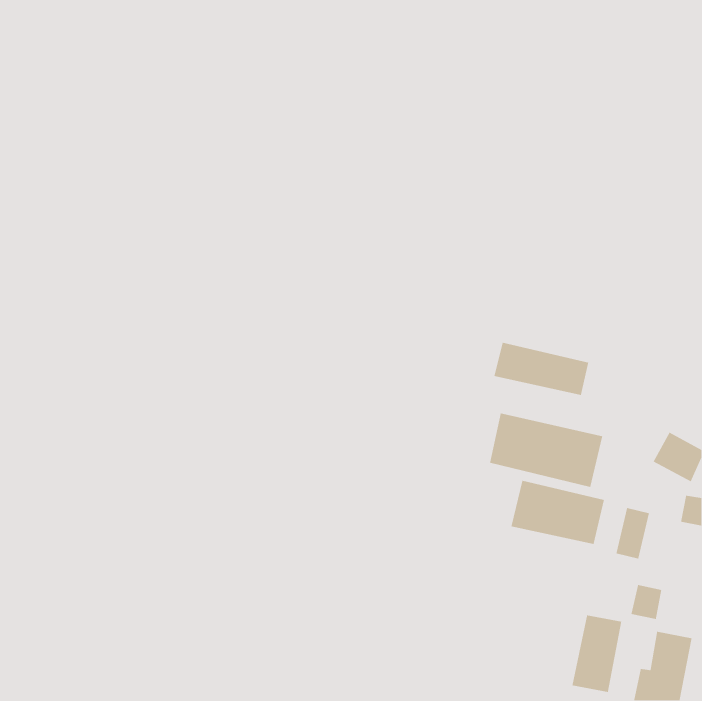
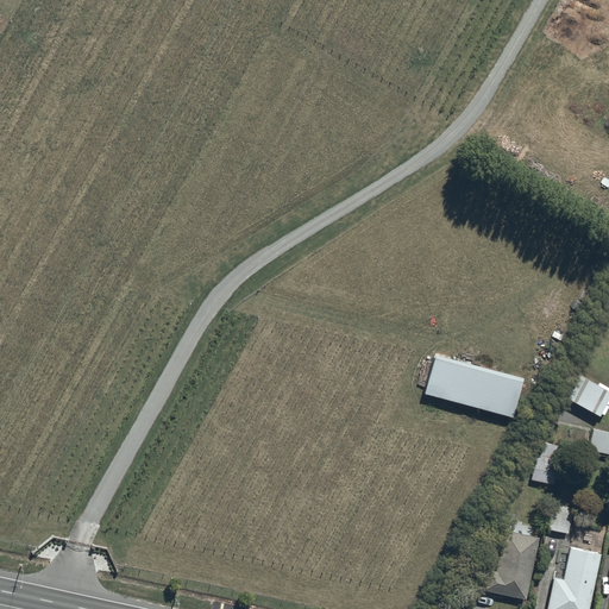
building: [494,342,589,396] -> none
building: [511,480,605,545] -> none

